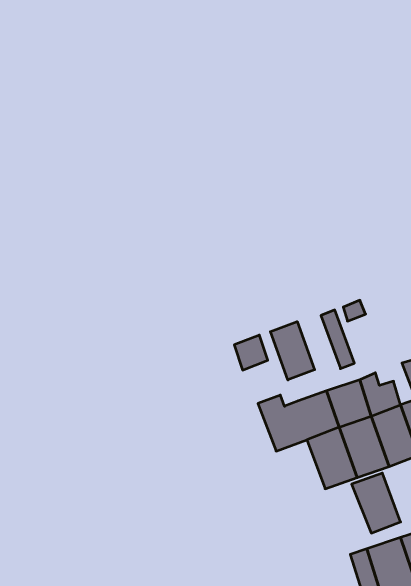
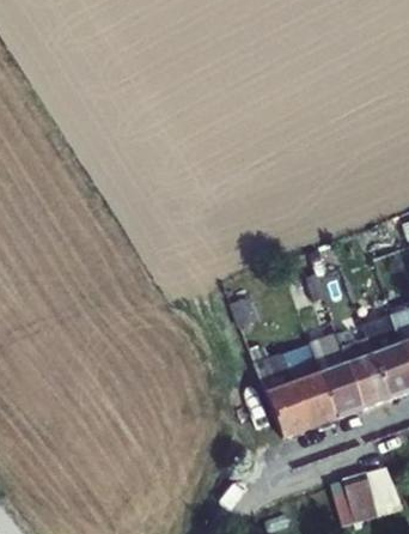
building: [270,322,315,380] -> none
building: [352,473,401,533] -> [265,387,307,438]

